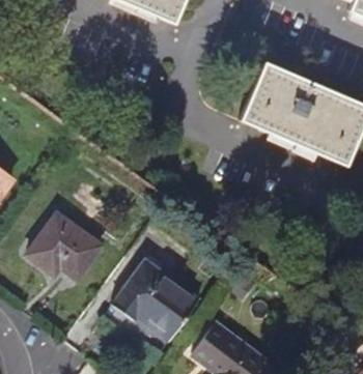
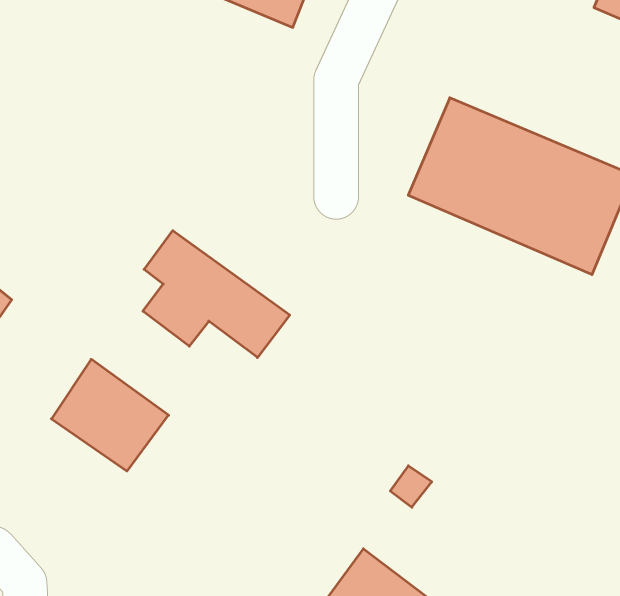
building: none -> [143,231,290,358]
building: [112,259,199,340] -> none

